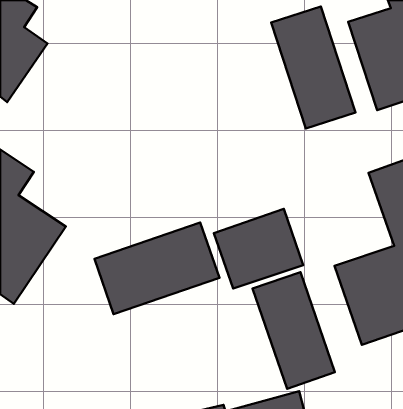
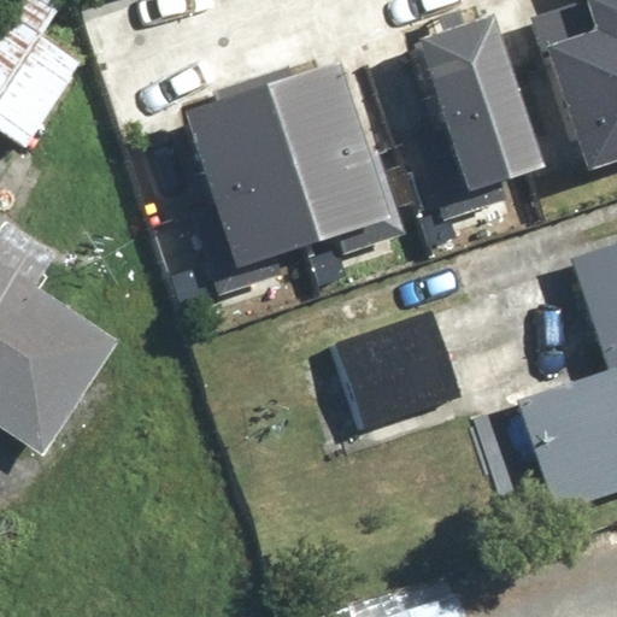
building: none -> [181,58,388,265]
building: [94,222,219,314] -> none
building: [253,272,335,389] -> none

